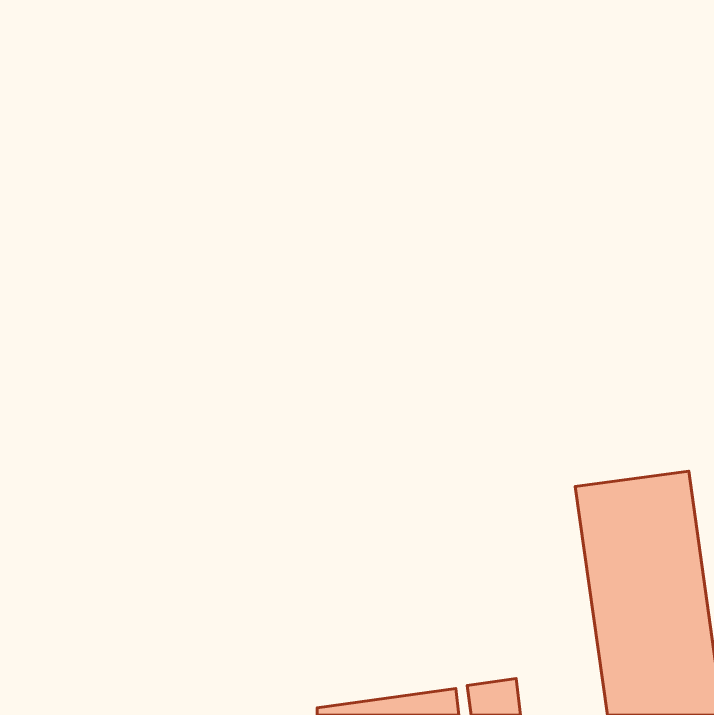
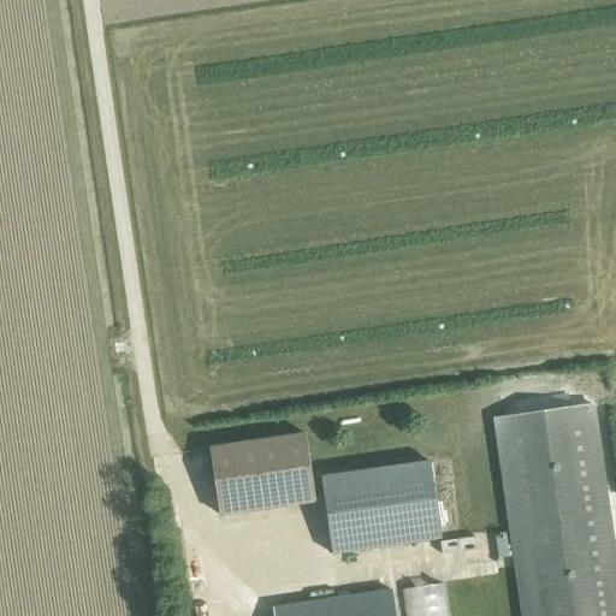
building: none -> [211,433,316,515]
building: none -> [322,461,442,552]

